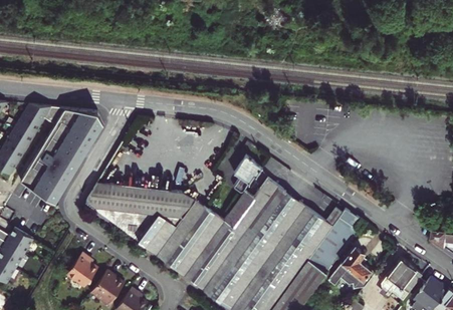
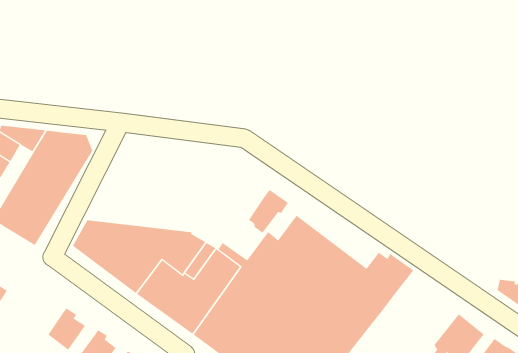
building: [327,242,376,286] -> none

